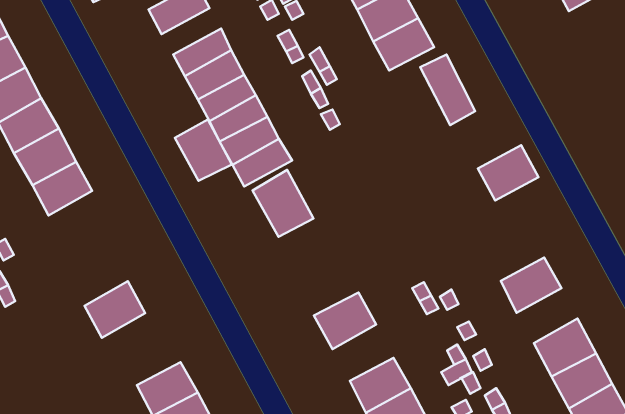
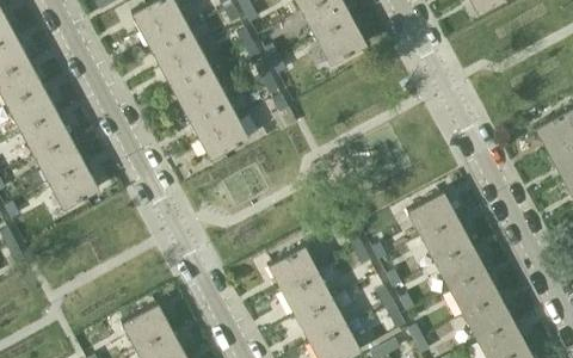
building: none -> [143,13,192,51]
building: [420,54,475,125] -> none
building: [175,119,232,181] -> none
building: [478,145,539,200] -> [408,192,458,237]
building: [253,170,313,237] -> none
building: [84,281,145,338] -> [50,163,100,210]
building: none -> [436,243,486,289]
building: none -> [284,273,334,320]

